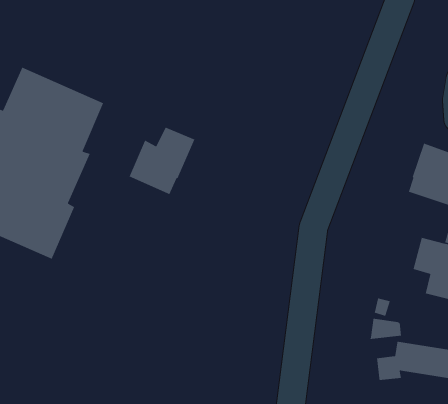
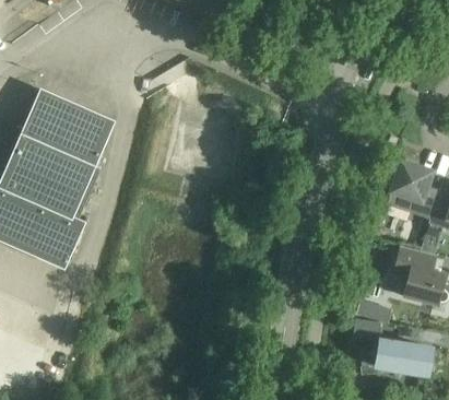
building: [128,127,195,195] -> none

